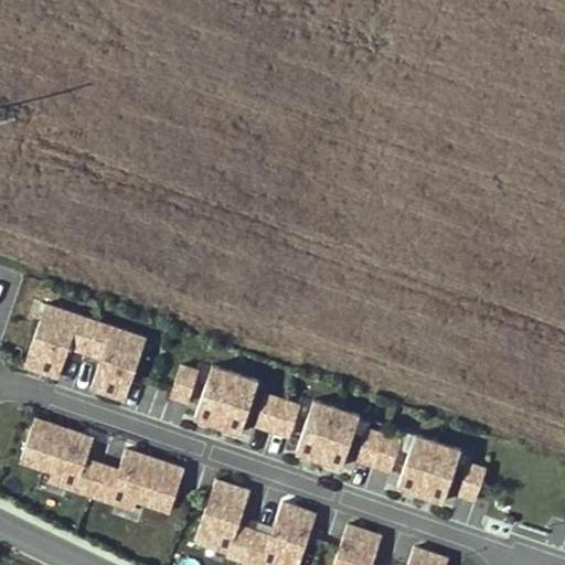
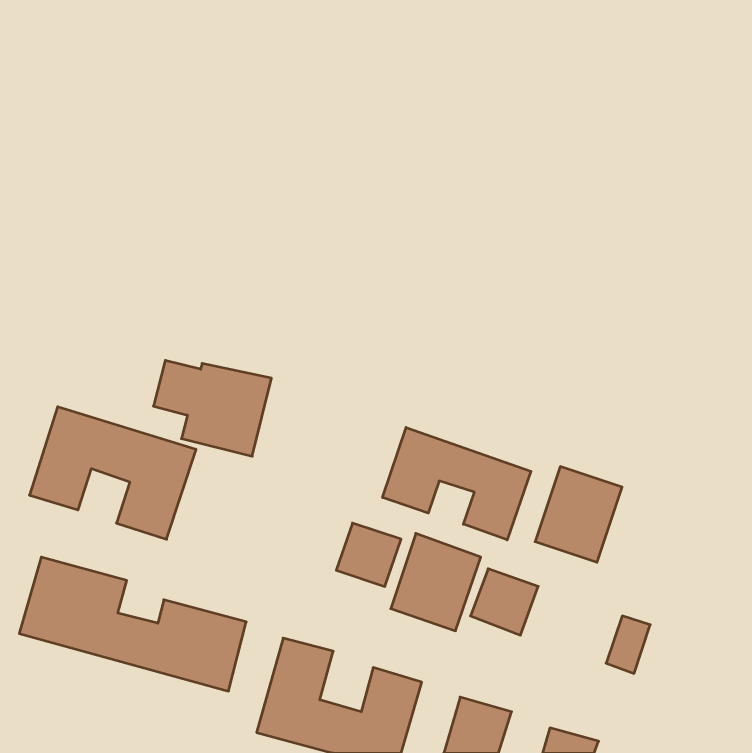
building: none -> [383,427,531,540]
building: [170,365,258,437] -> [153,360,271,456]
building: [397,435,462,507] -> [535,467,622,562]

